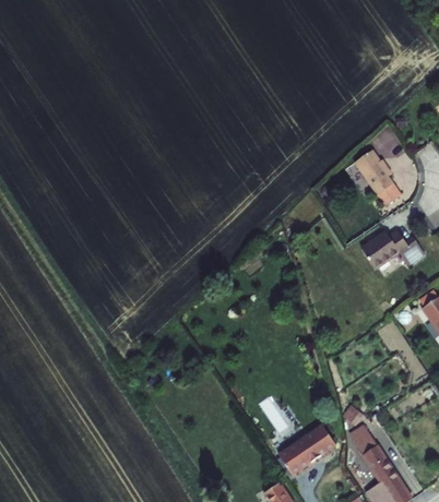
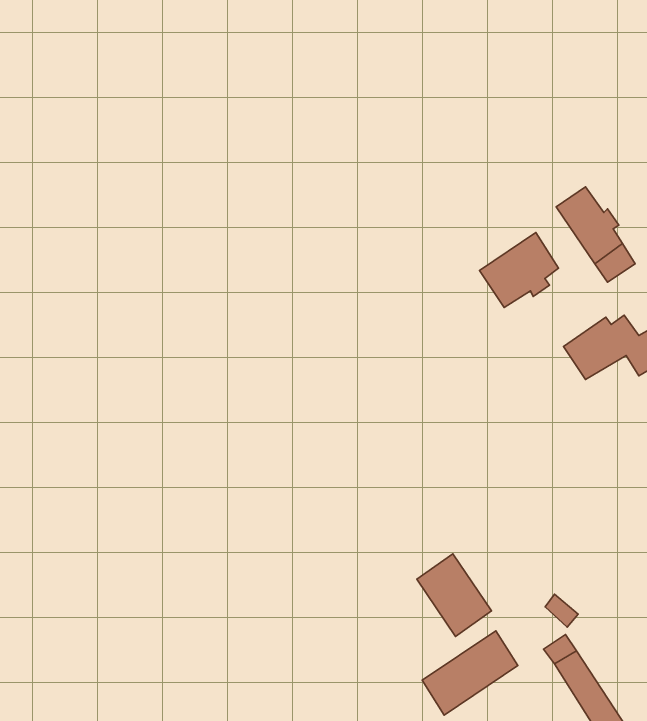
building: none -> [480,232,559,307]
building: none -> [417,554,491,636]

